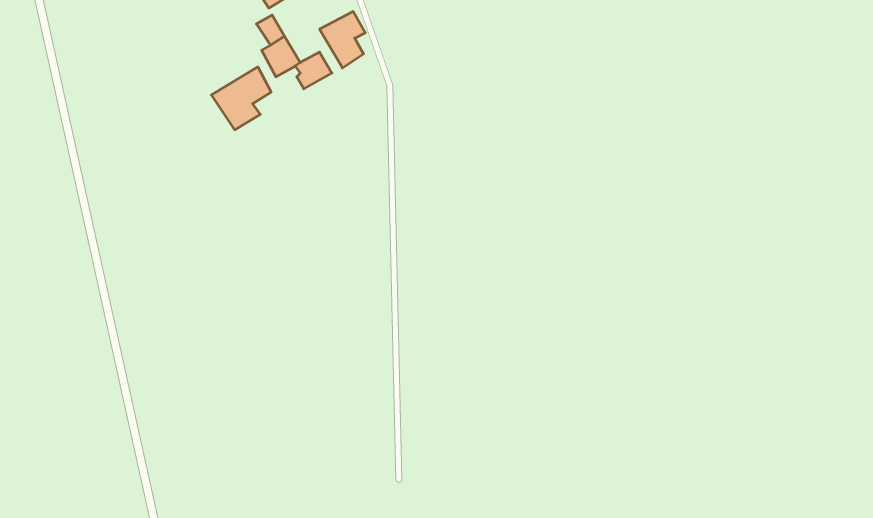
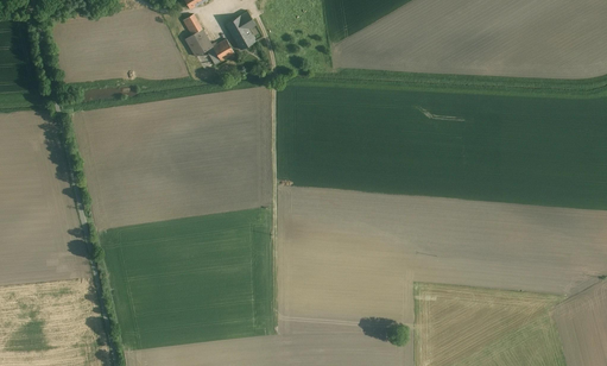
building: [211,67,271,130] -> none

